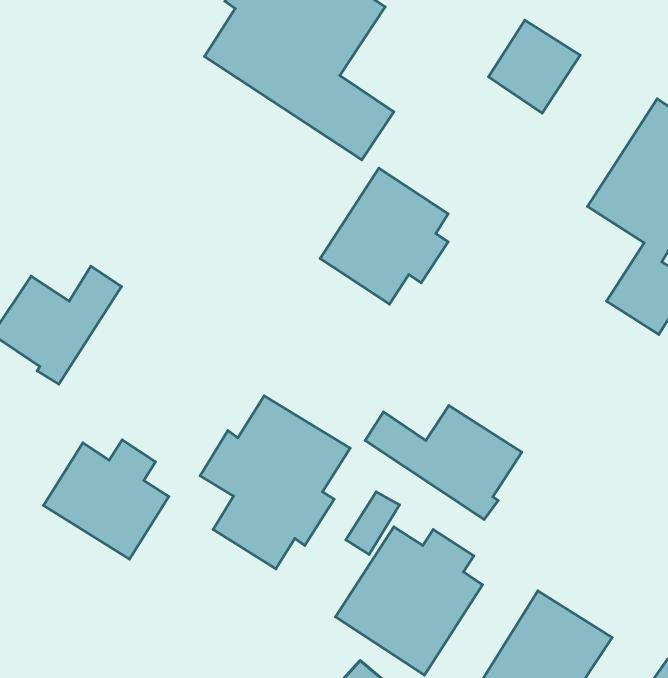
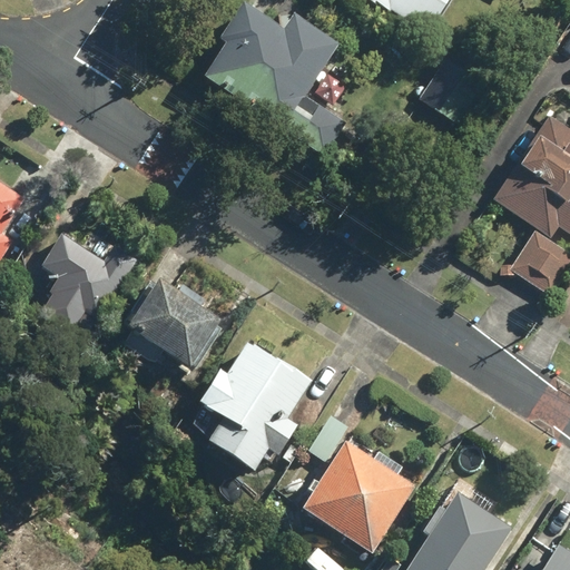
building: [320,168,448,304] -> none
building: [365,406,522,519] -> none
building: [44,440,169,559] -> [122,279,218,371]

